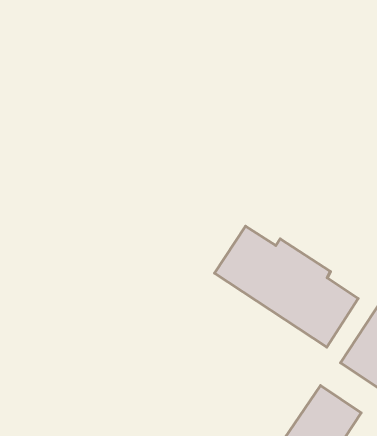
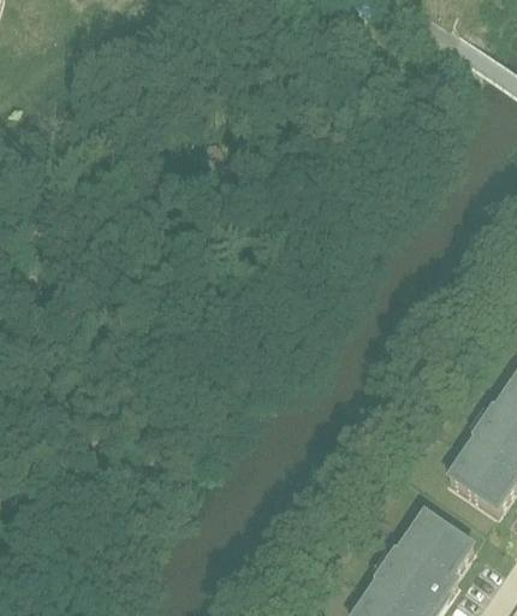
building: [215,226,358,347] -> none

